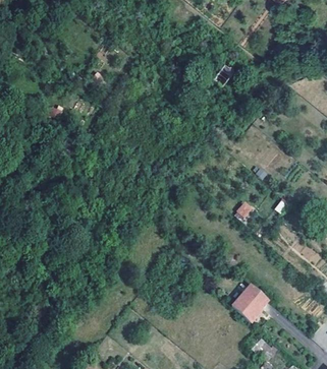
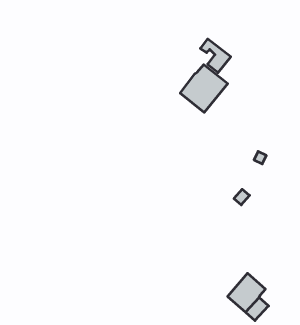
building: none -> [180,65,228,112]

